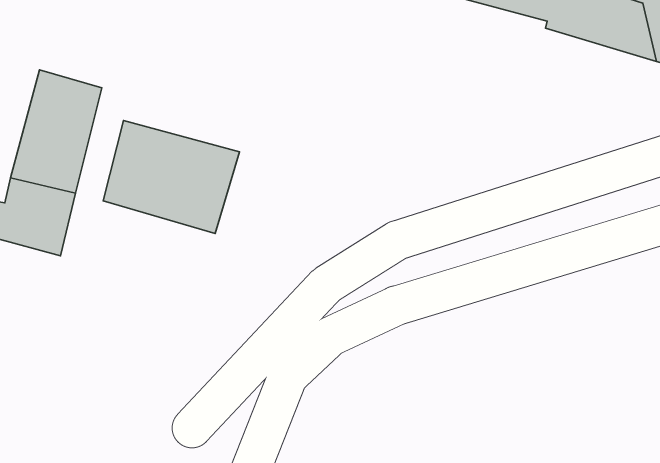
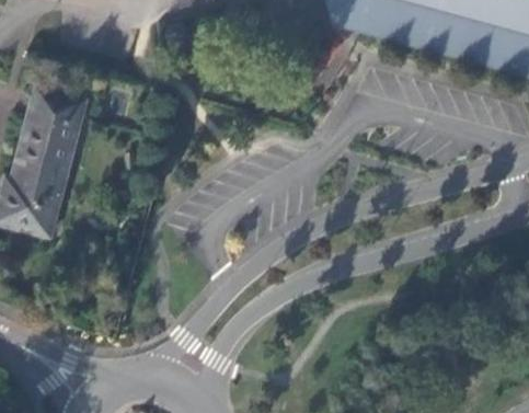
building: [103,120,239,234] -> none

